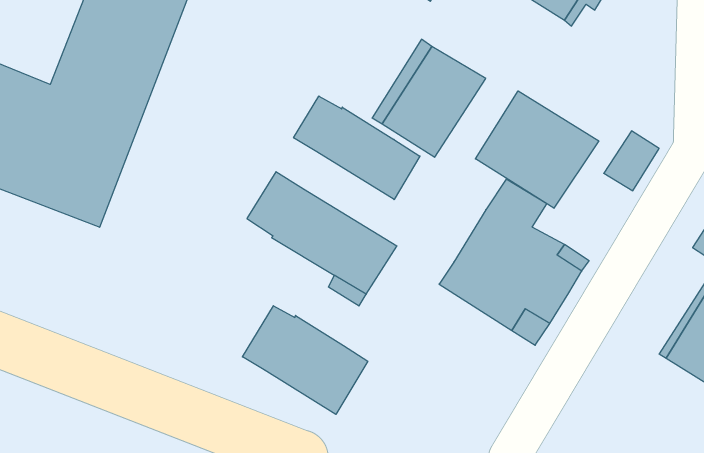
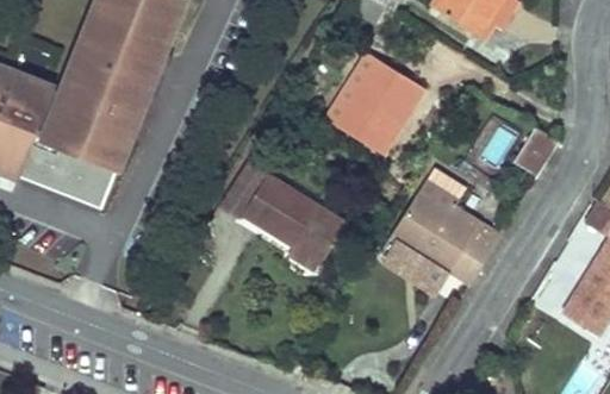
building: [475,91,599,208] -> none
building: [294,96,420,200] -> none
building: [242,306,368,414] -> none

